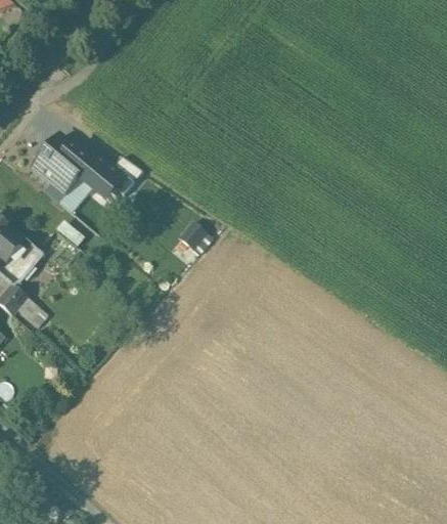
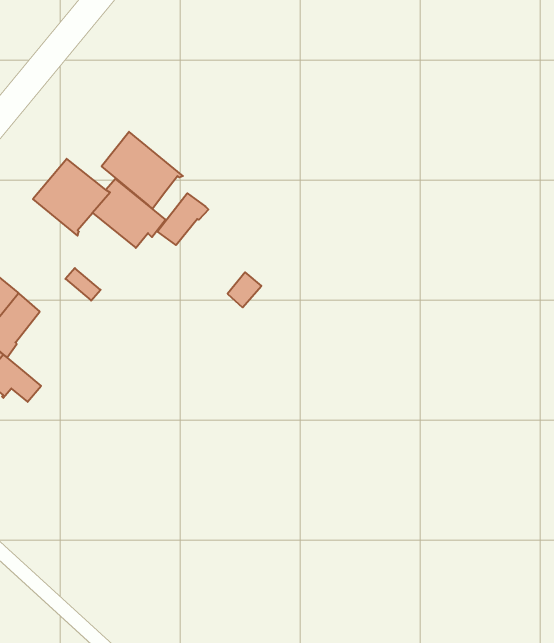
building: none -> [102,132,183,209]
building: none -> [157,193,208,245]

